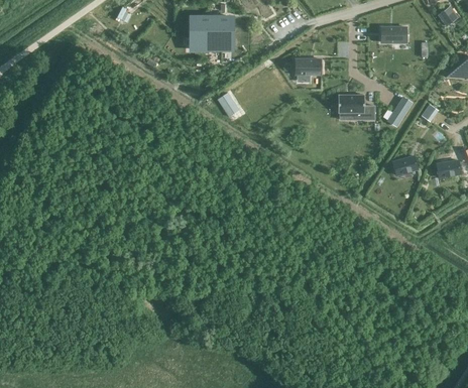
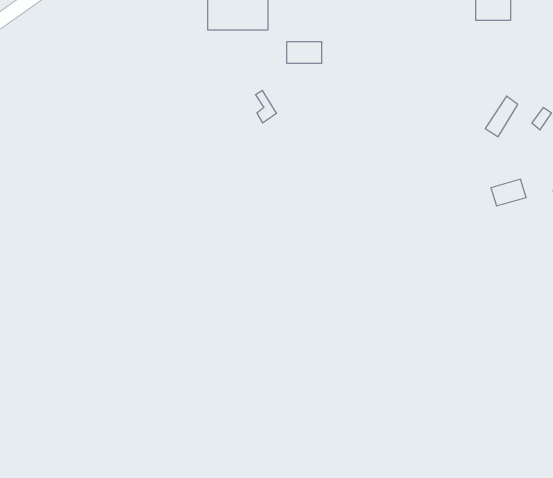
building: [296,59,321,75] -> [287,42,322,63]
building: [338,95,374,120] -> none

